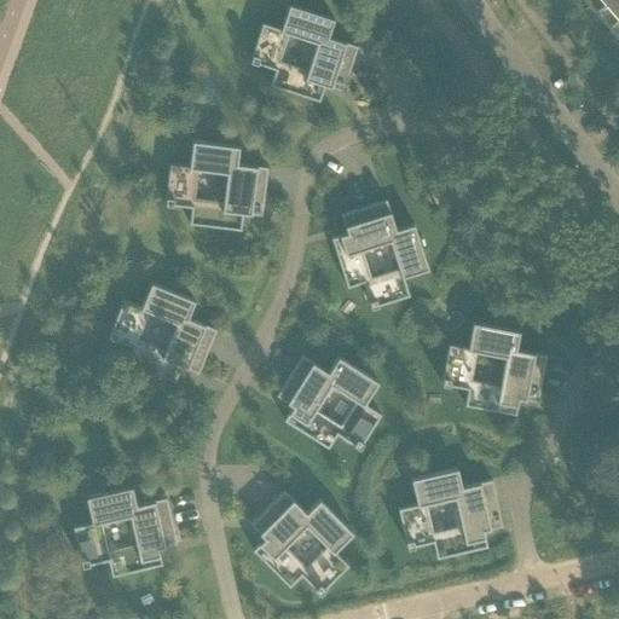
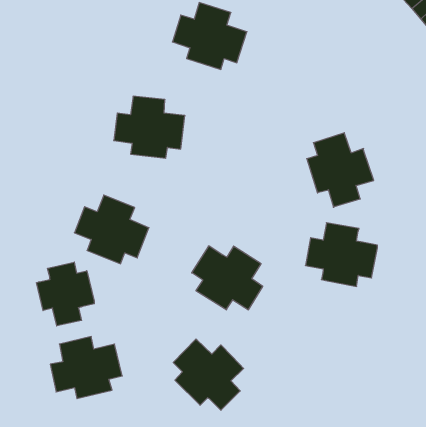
building: [334,199,430,307] -> [307,133,374,207]
building: none -> [37,262,94,326]
building: [400,467,504,557] -> none

